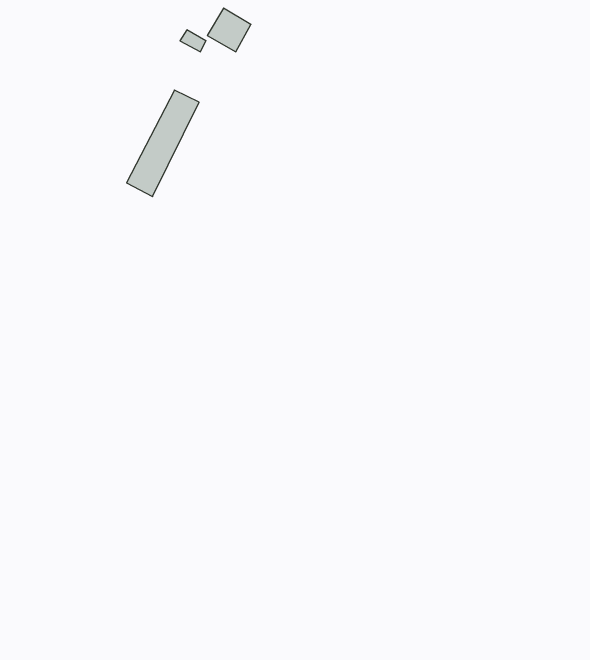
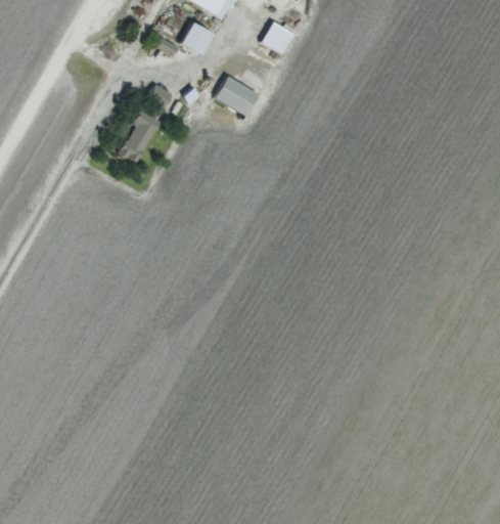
building: none -> [261,21,292,53]
building: none -> [214,77,257,115]

